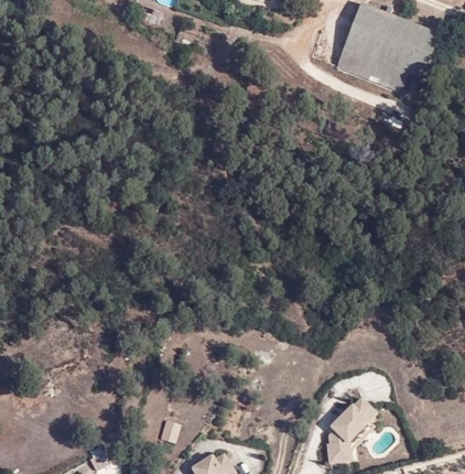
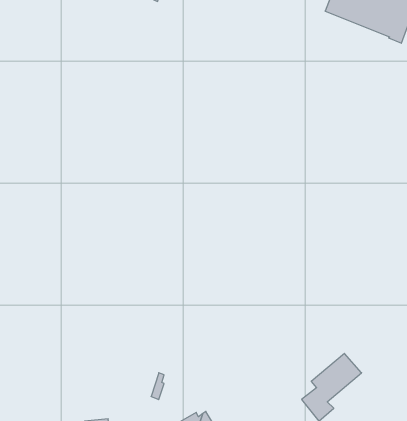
building: [336,45,410,90] -> none

